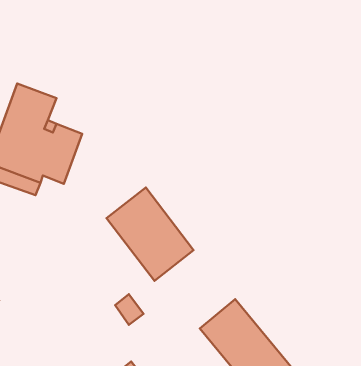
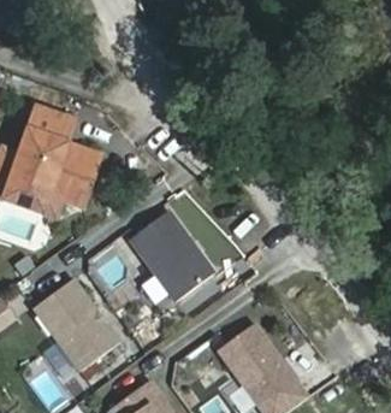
building: none -> [30,283,117,374]

